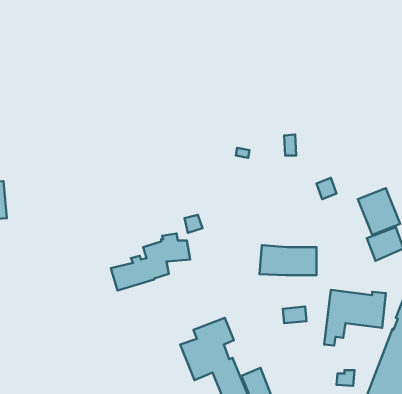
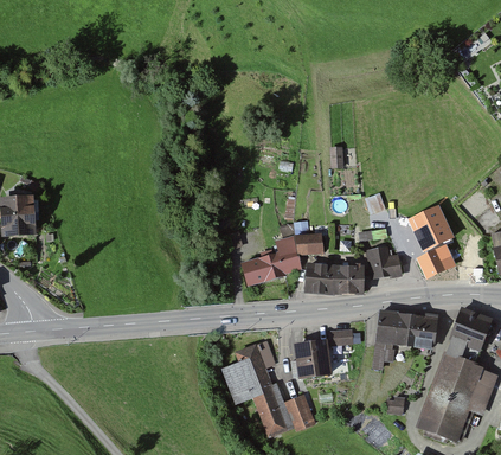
building: none -> [365,244,402,278]
building: [111,234,190,291] -> [239,225,323,286]
building: none -> [290,339,332,379]

